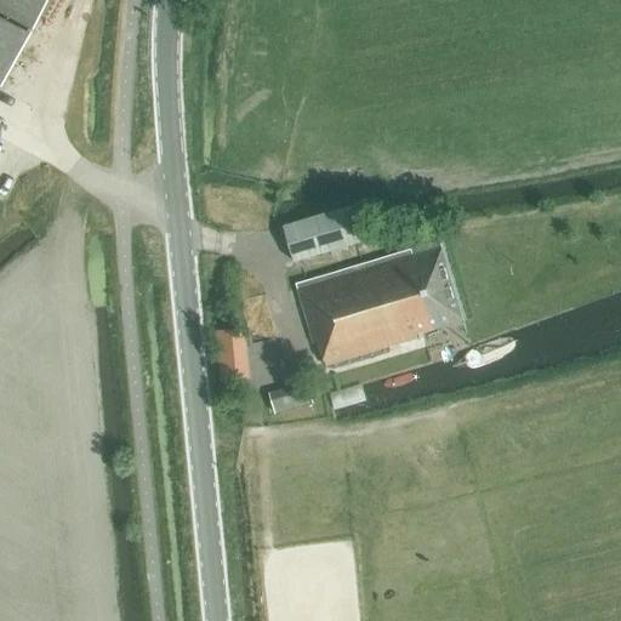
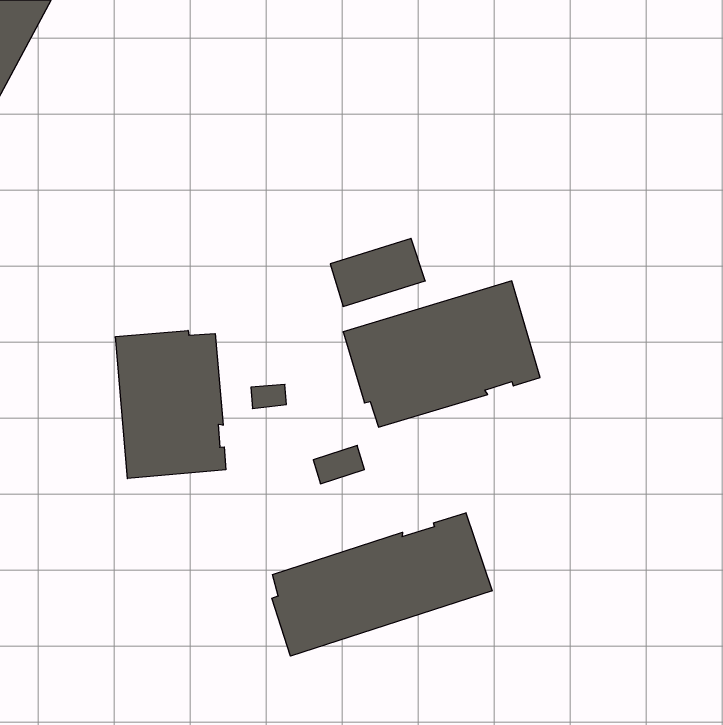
building: none -> [116,330,226,479]
building: none -> [272,513,492,656]

